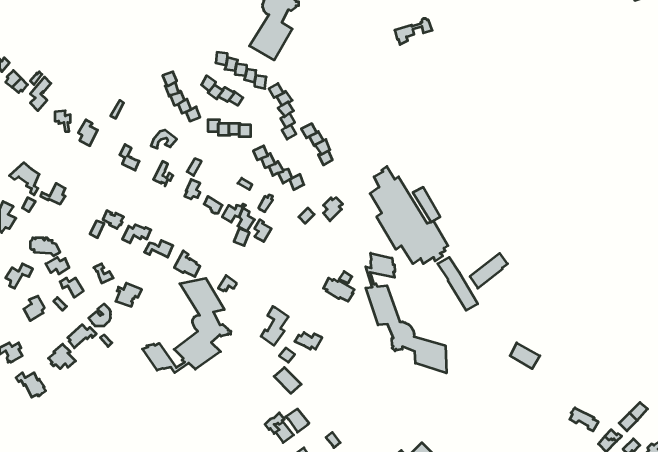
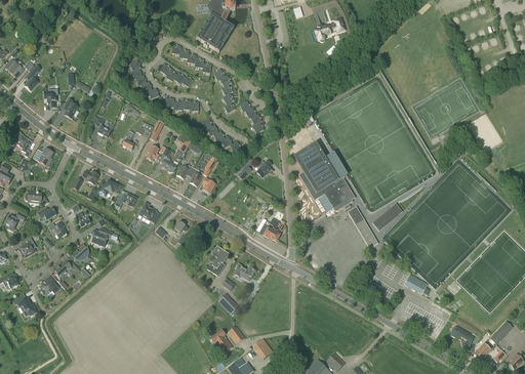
building: [366,253,446,373] -> none
building: [142,278,231,373] -> none

